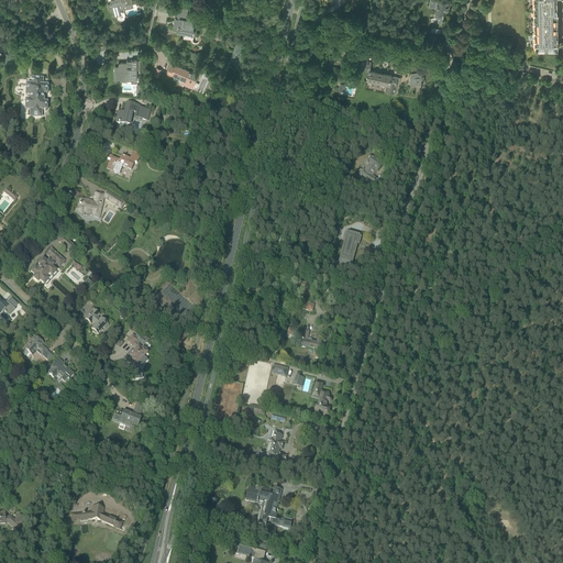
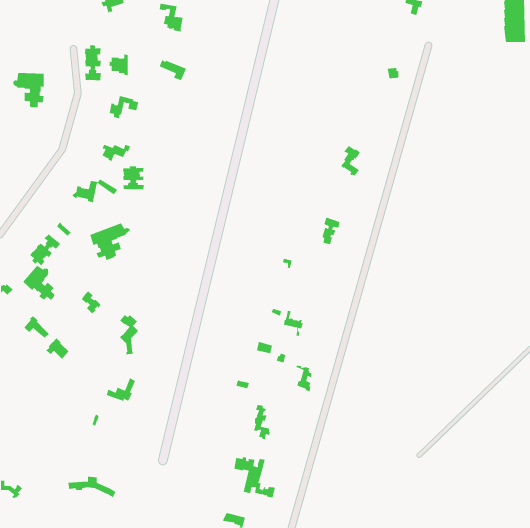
building: none -> [84,45,101,81]
building: [360,58,397,91] -> none
building: none -> [122,165,144,190]
building: none -> [90,222,130,261]
building: none -> [22,265,55,301]

